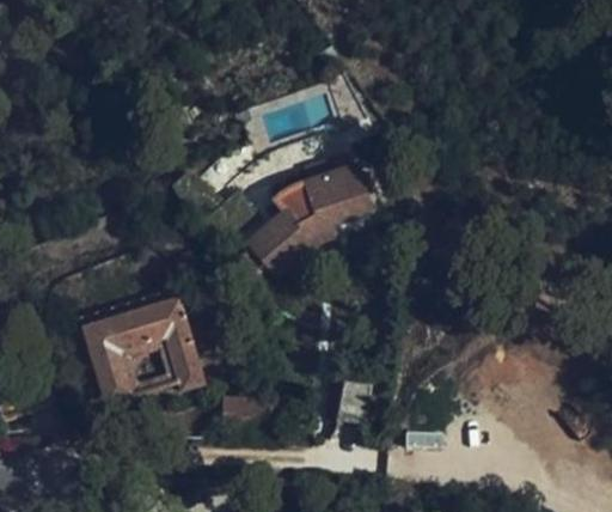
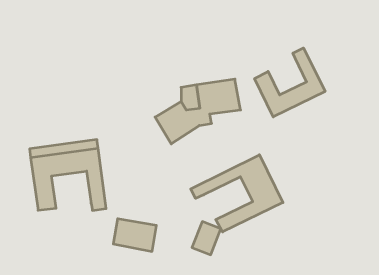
building: none -> [255,48,325,117]
building: none -> [191,155,283,232]
building: [117,336,180,397] -> none

